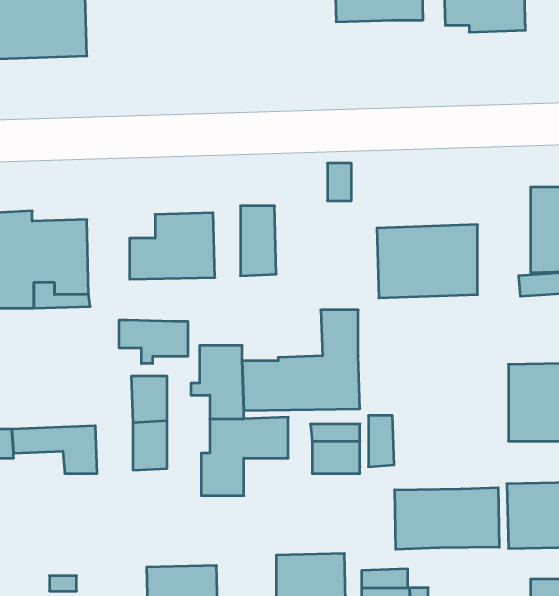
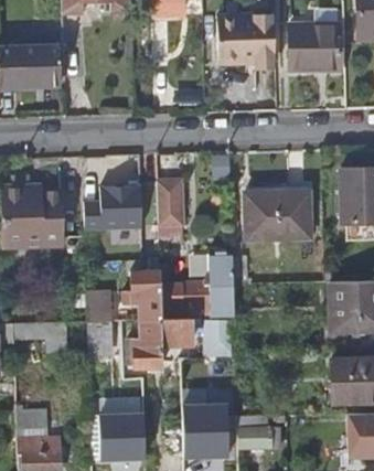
building: [119,320,188,364] -> none
building: [395,488,499,549] -> none

